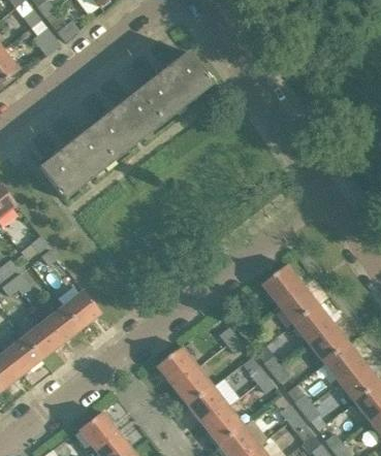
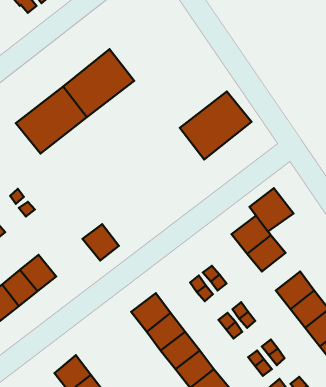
building: [135,52,211,123] -> [180,91,252,159]
building: none -> [250,188,293,232]
building: [61,290,99,328] -> [82,224,119,261]
building: [295,303,336,343] -> none

